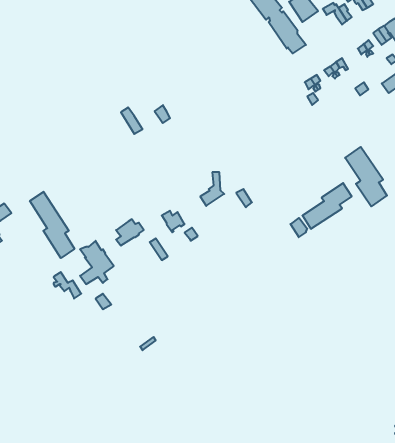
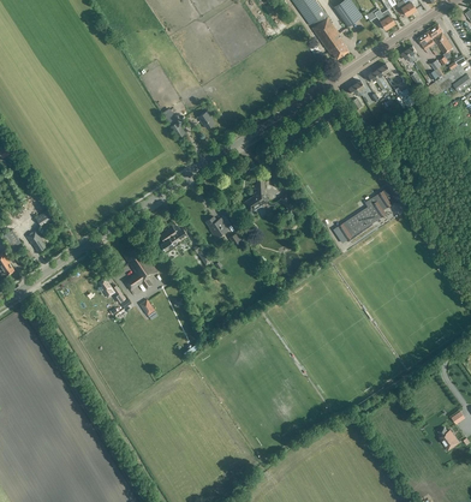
building: [345,147,387,206] -> none
building: [30,192,74,258] -> none

